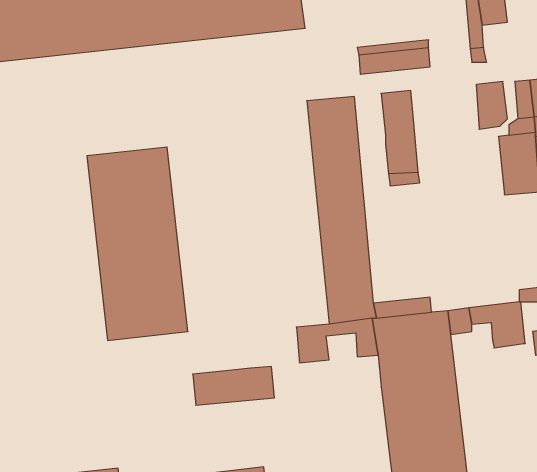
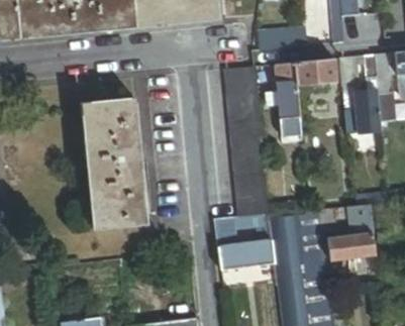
building: none -> [296,58,338,84]
building: none -> [328,233,376,260]
building: [193,367,274,405] -> [220,241,276,267]

